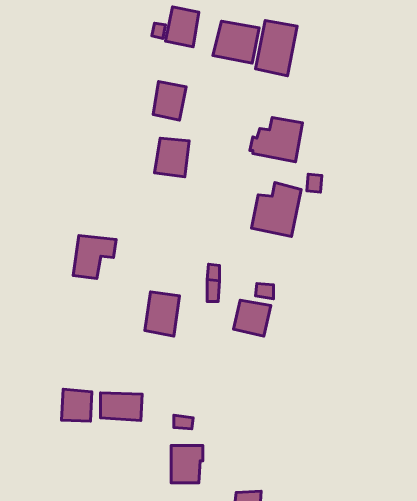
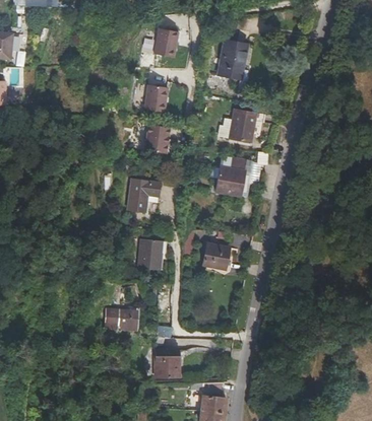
building: [213,21,259,63] -> none
building: [73,235,116,278] -> [127,179,159,210]
building: [61,389,92,421] -> none

